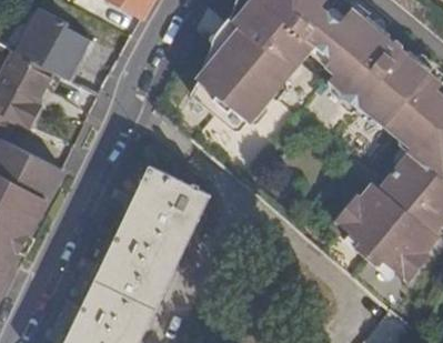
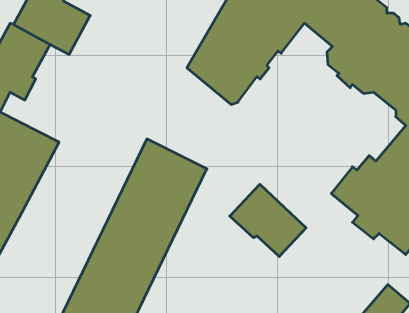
building: none -> [230,184,306,257]

